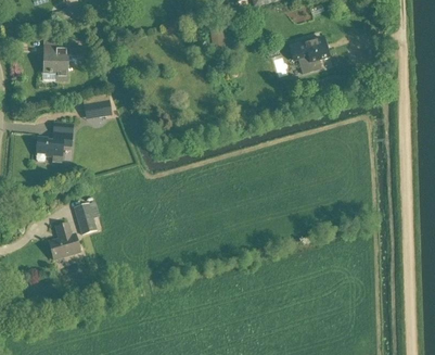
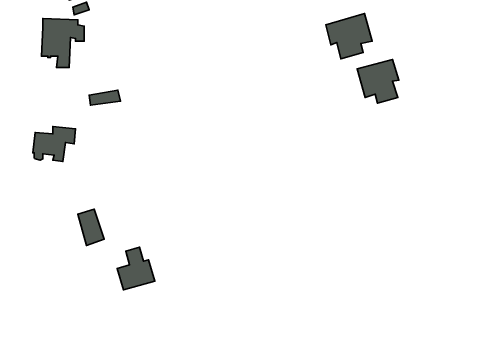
building: none -> [357,60,399,103]
building: [48,223,80,259] -> [117,247,155,290]

